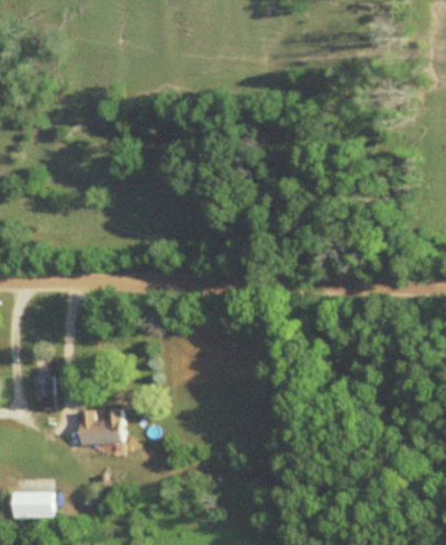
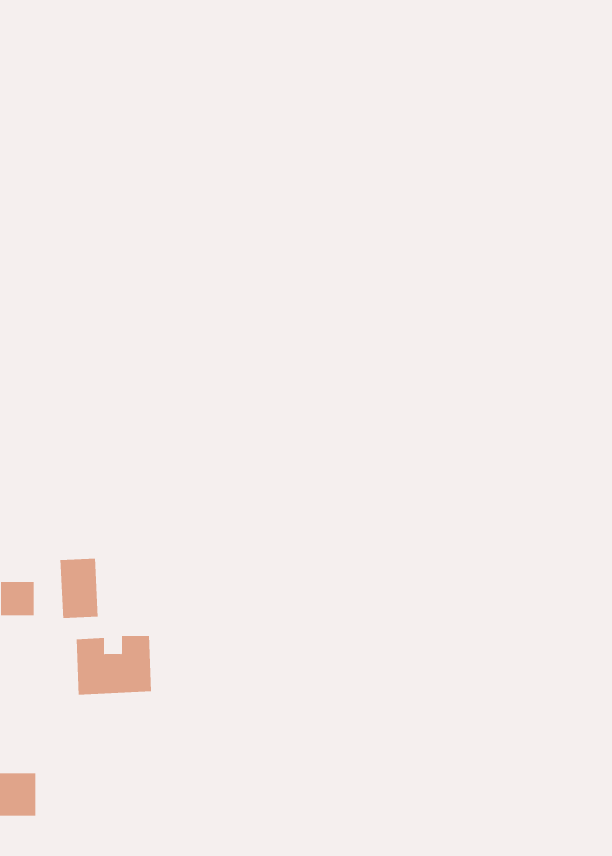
building: none -> [60,558,98,619]

